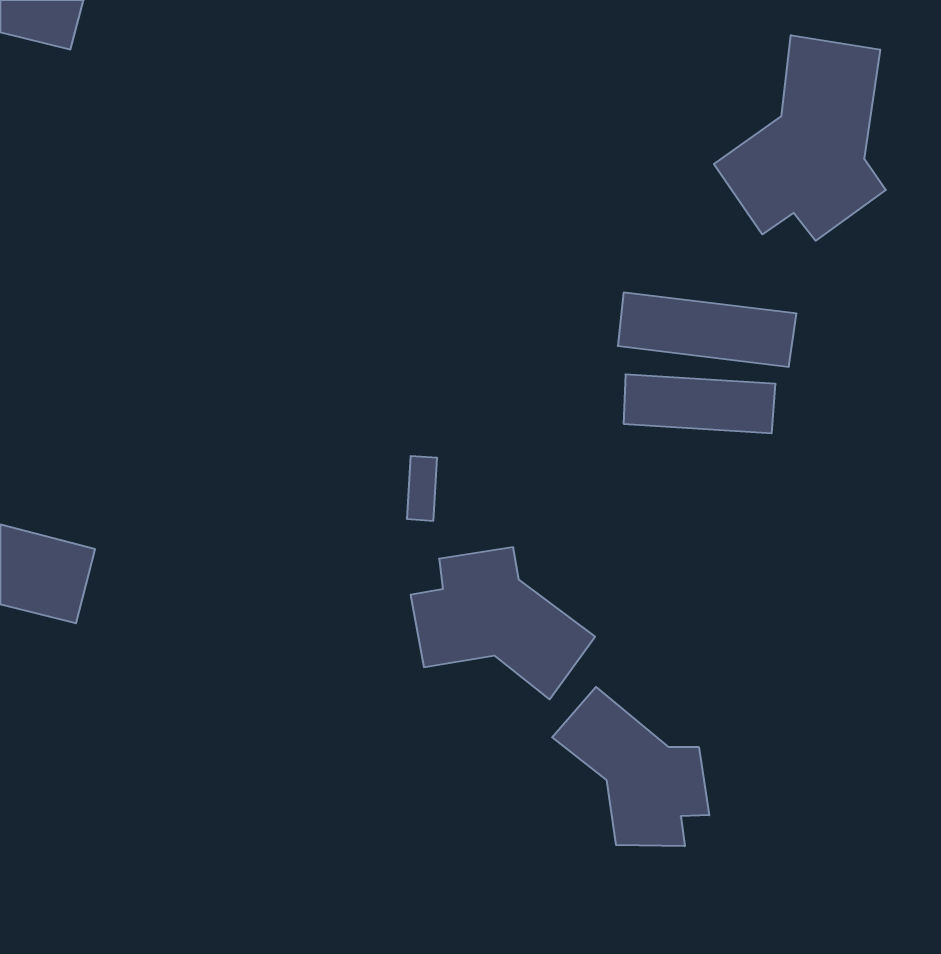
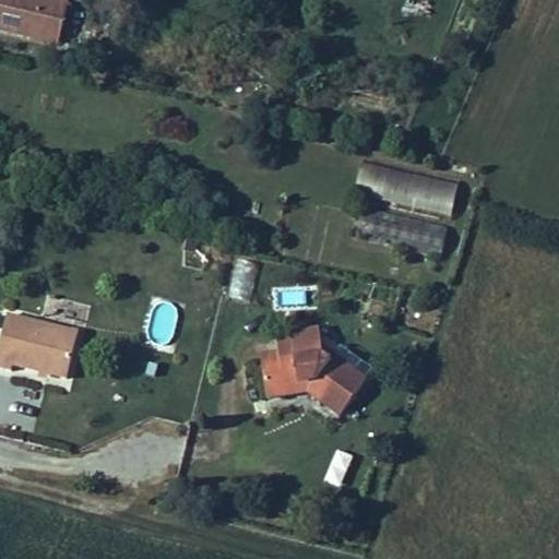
building: [714,35,886,241] -> none
building: [552,687,709,846] -> none

